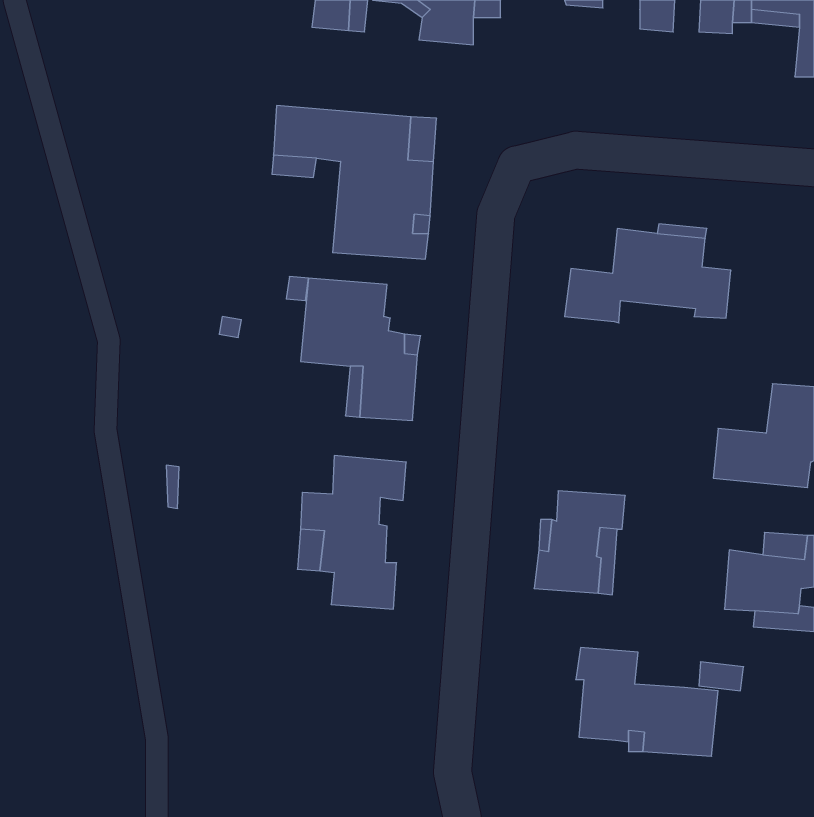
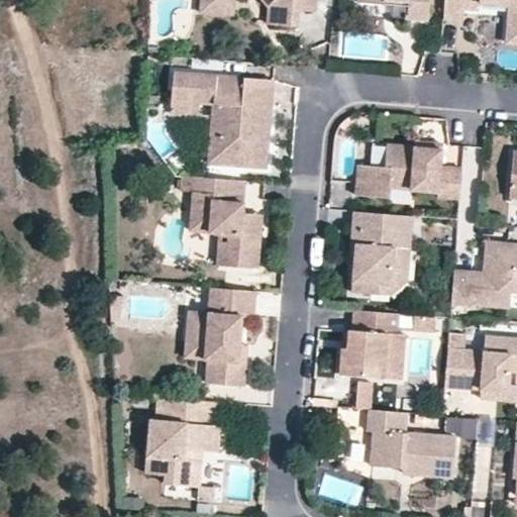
building: none -> [350,211,412,293]
building: none -> [148,398,222,487]

